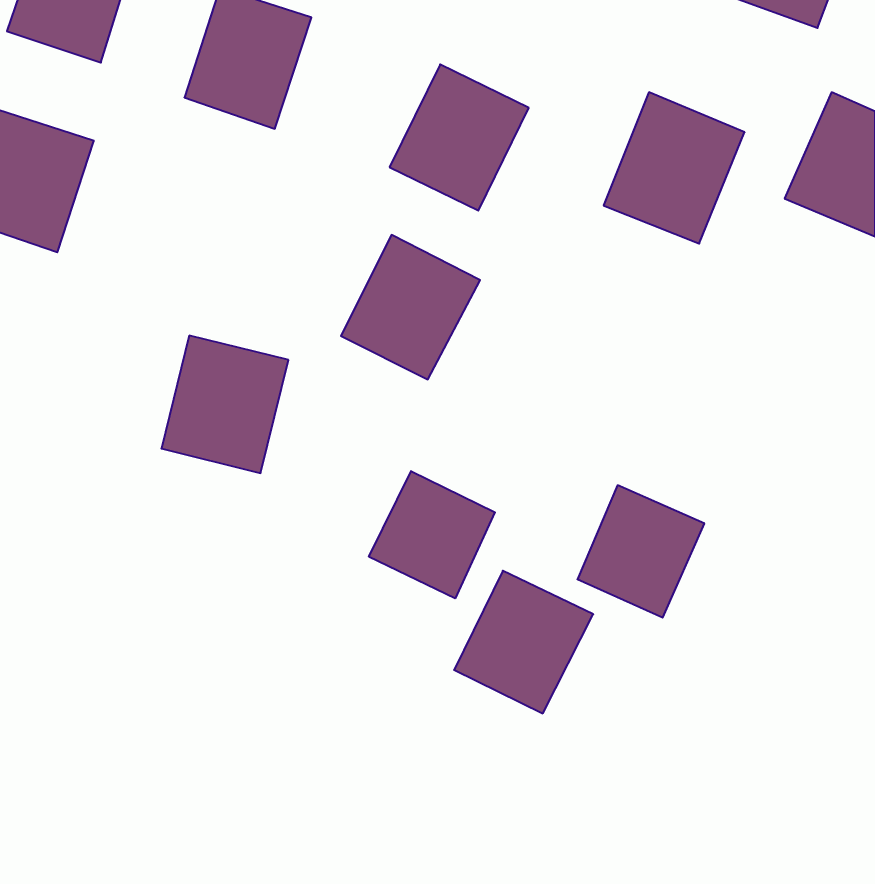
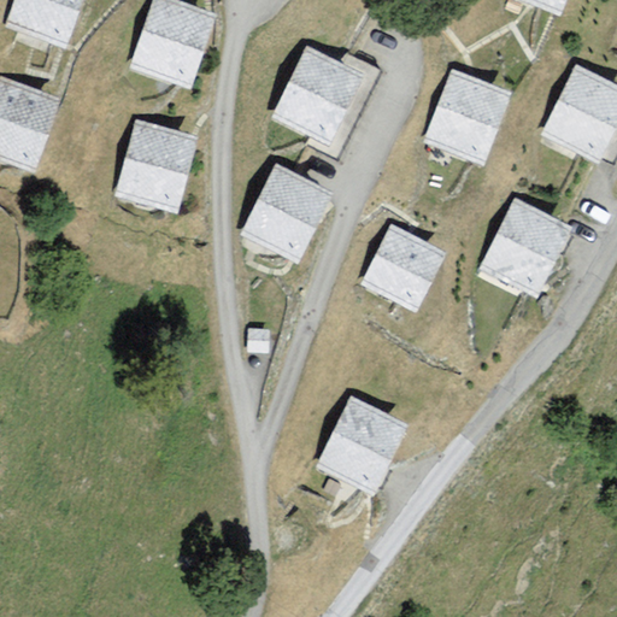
building: none -> [477,194,576,296]
building: [161,336,288,473] -> [110,117,198,212]
building: [369,471,495,598] -> none
building: [577,485,704,618] -> [363,222,451,313]

